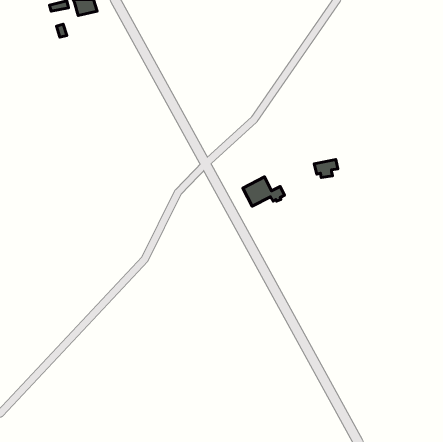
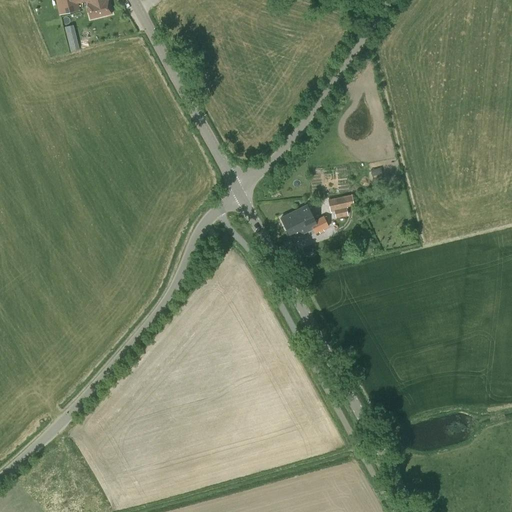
building: [314,159,338,178] -> [327,194,354,215]

